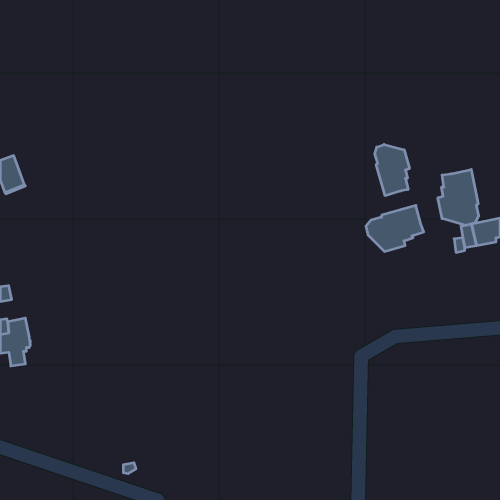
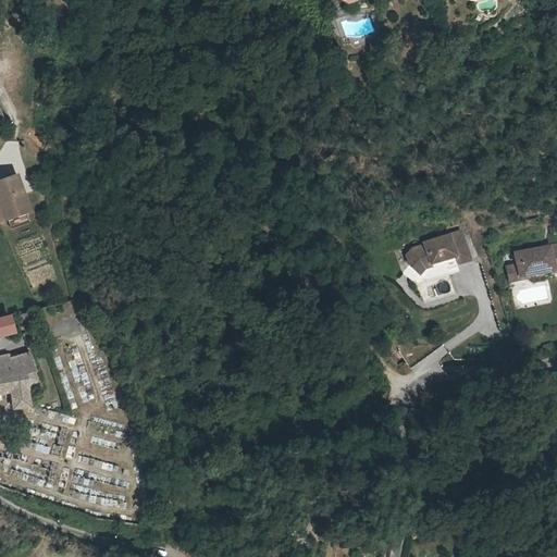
building: [375,144,409,196] -> none
building: [438,169,479,225] -> none

